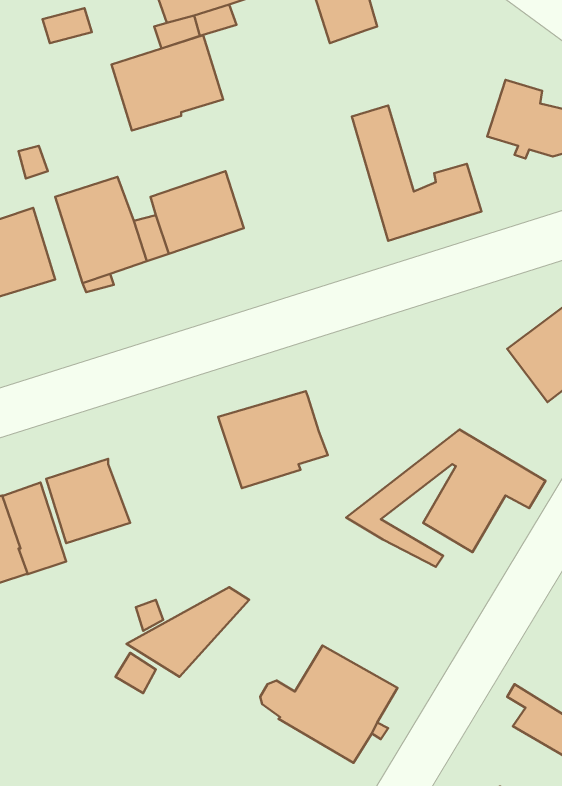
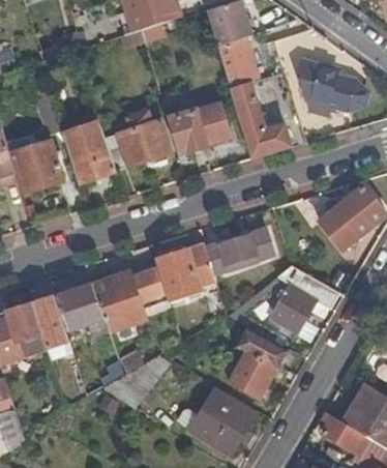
building: none -> [218,39,251,88]
building: [112,35,223,130] -> [168,99,231,153]
building: none -> [206,229,271,266]
building: none -> [93,261,169,329]
building: none -> [229,327,293,401]

